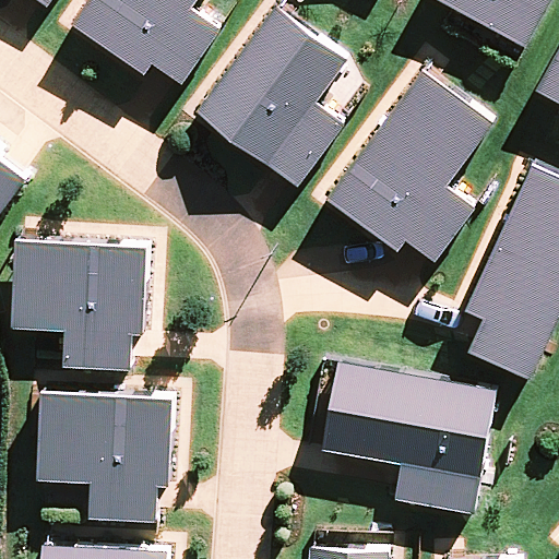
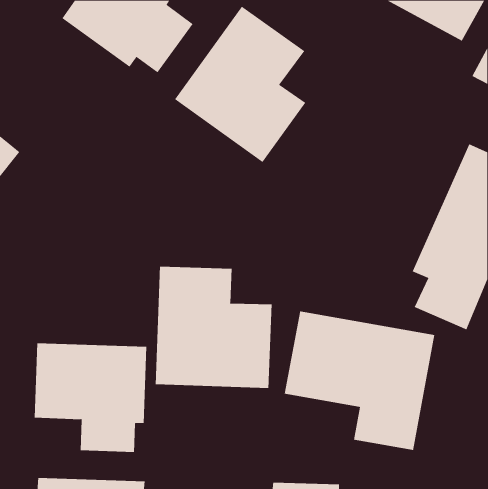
building: [328,72,490,260] -> none
building: [15,241,144,367] -> none
building: none -> [155,266,272,389]

